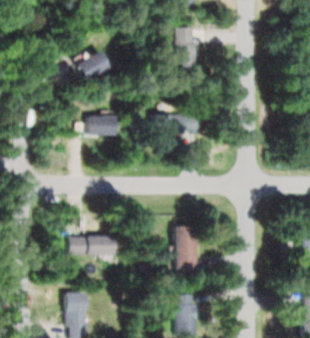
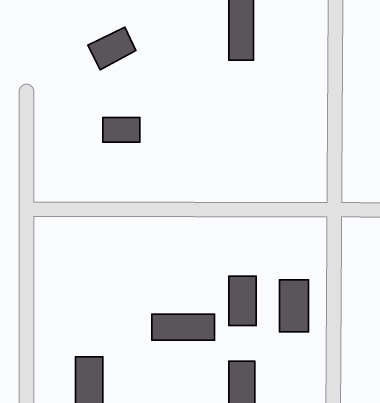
building: [152,115,199,134] -> none
building: [69,236,115,255] -> [152,314,215,340]
building: none -> [280,280,309,332]

